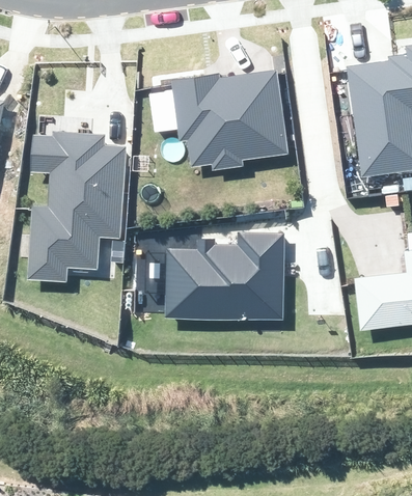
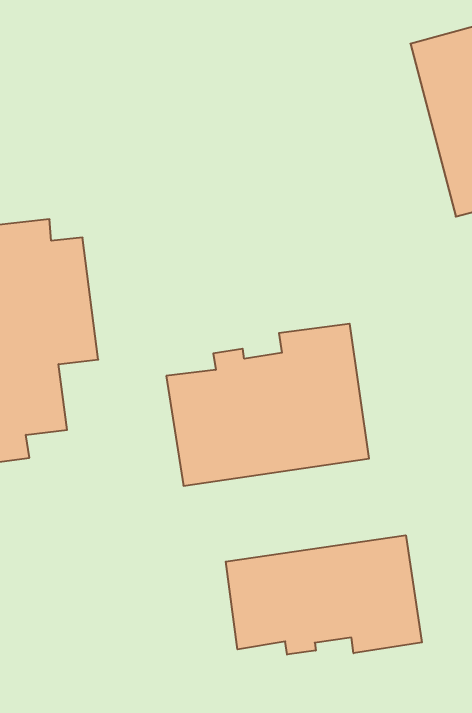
building: [175,74,277,157] -> none
building: none -> [226,535,422,655]

